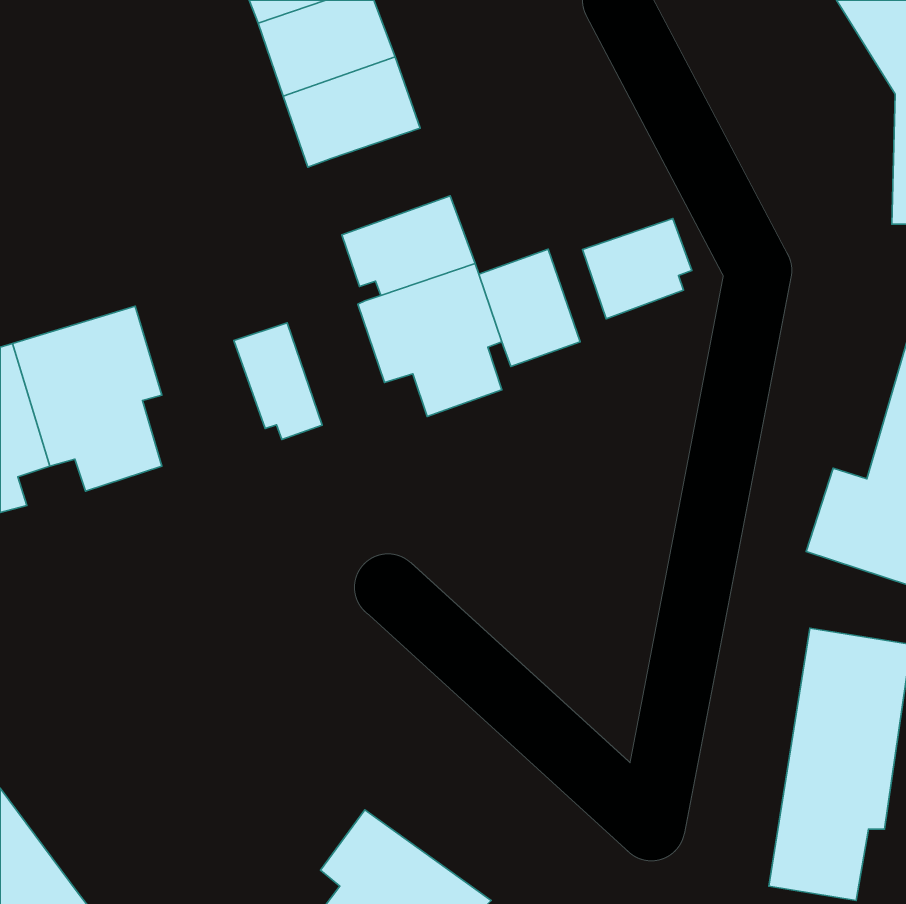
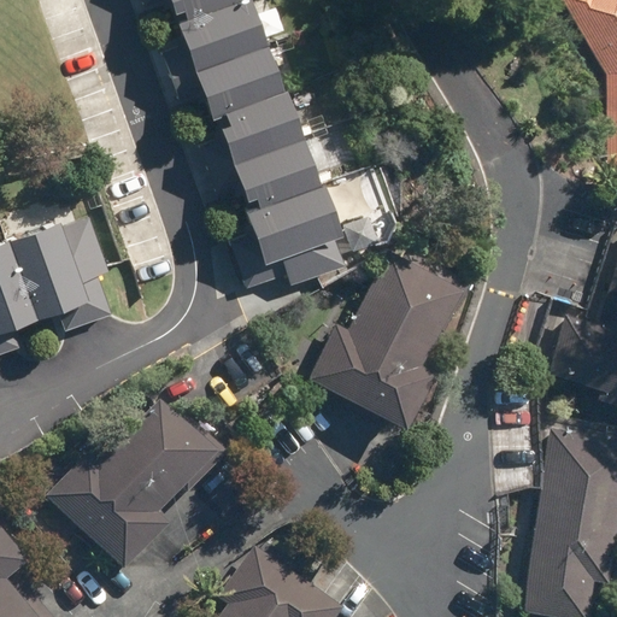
building: none -> [202,88,307,163]
building: [583,218,692,319] -> none
building: [234,323,322,440] -> none
building: none -> [299,249,471,424]
building: none -> [54,393,228,575]

